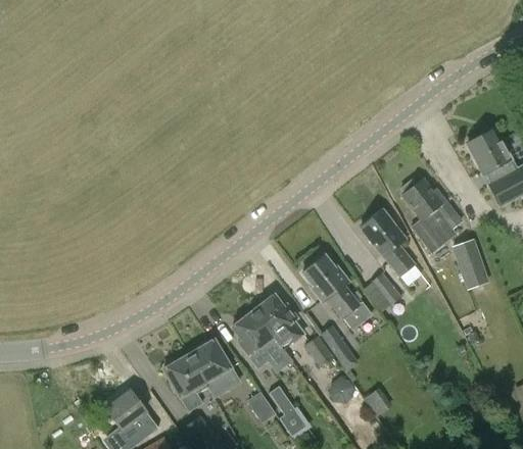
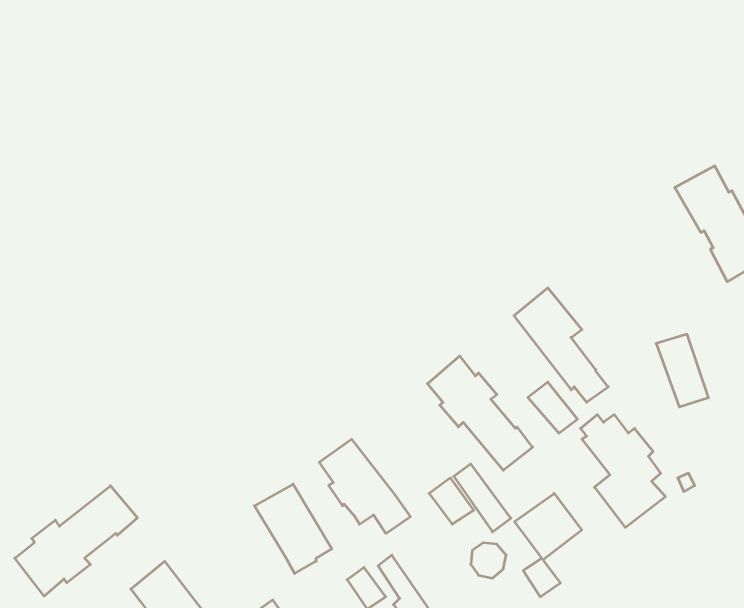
building: [400,179,457,253] -> [580,415,665,527]
building: [252,294,306,351] -> none
building: none -> [15,486,137,596]
building: none -> [515,493,582,560]
building: [162,353,208,412] -> none

